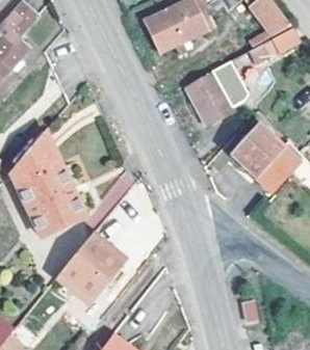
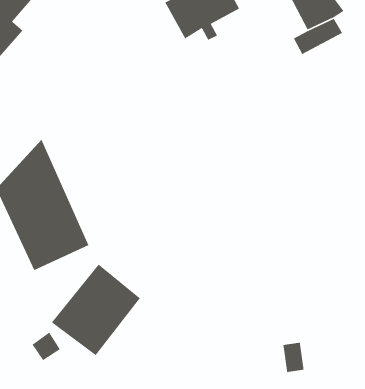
building: [189,58,250,124] -> none
building: [232,126,295,187] -> none

